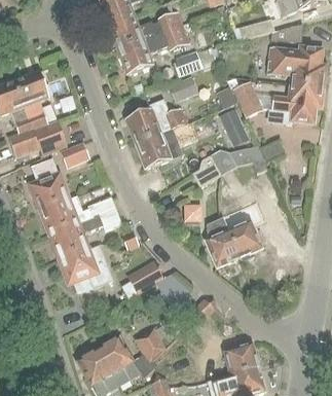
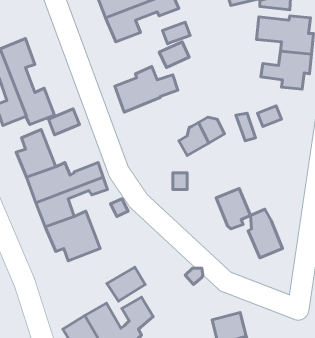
building: [234,82,263,118] -> none
building: [219,110,249,146] -> none
building: [136,130,177,169] -> none
building: [205,218,238,266] -> [248,209,283,258]
building: [127,259,165,293] -> [107,267,145,301]

